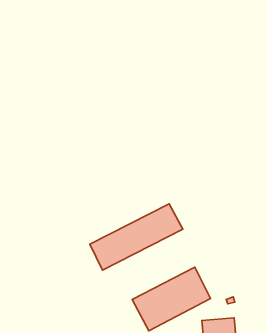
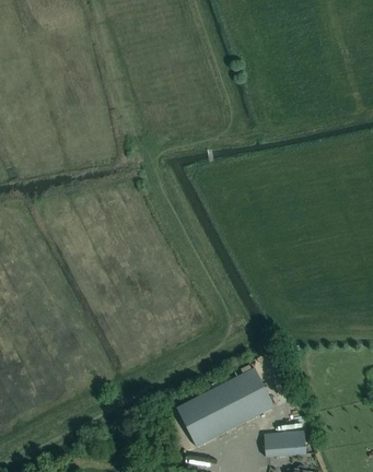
building: [90,204,183,270] -> none

